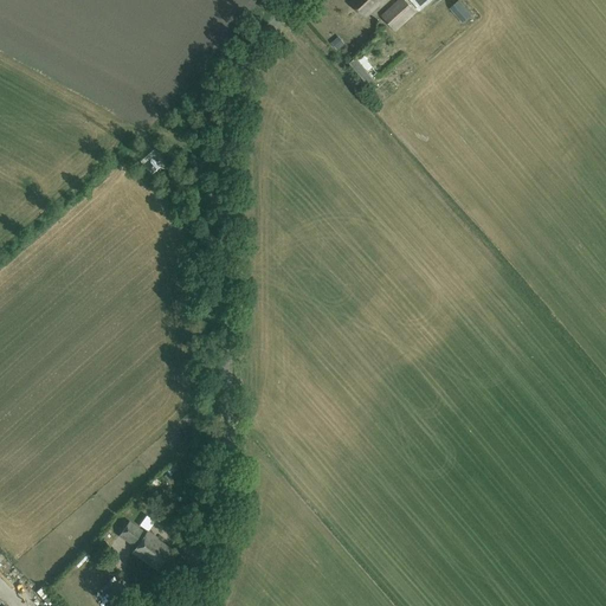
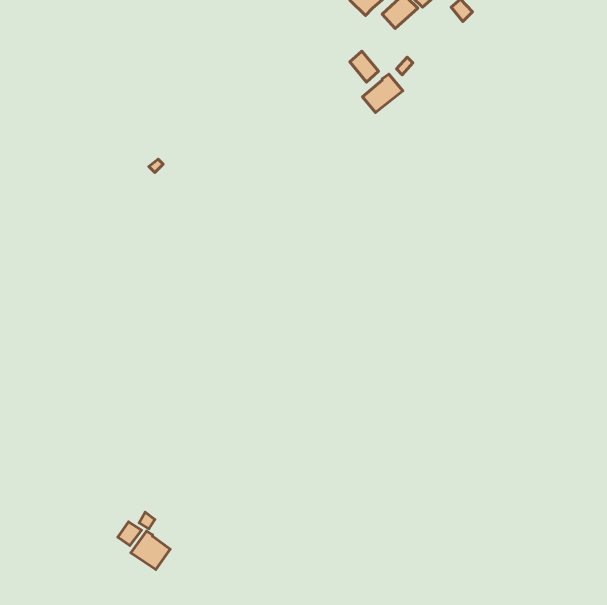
building: none -> [363,74,403,112]

